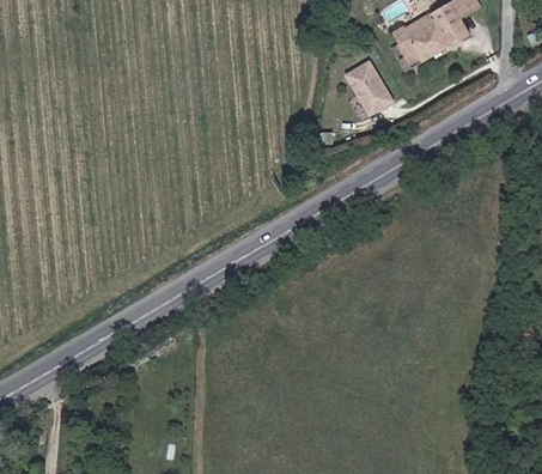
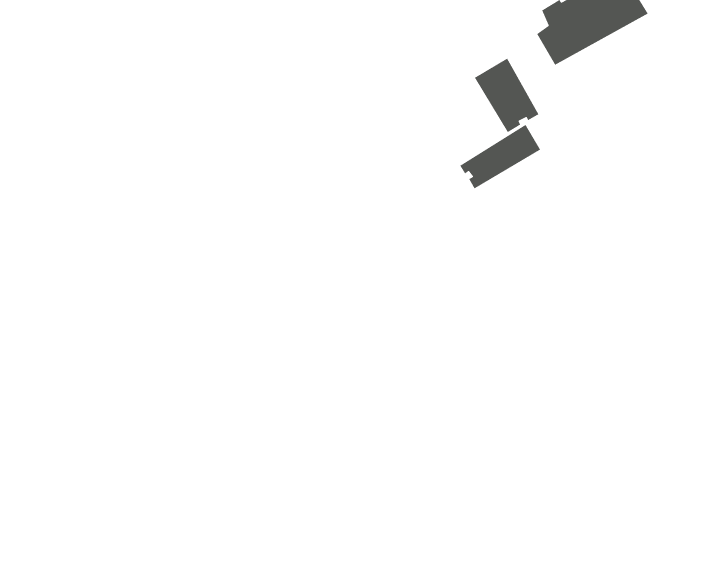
building: none -> [459,124,541,190]

